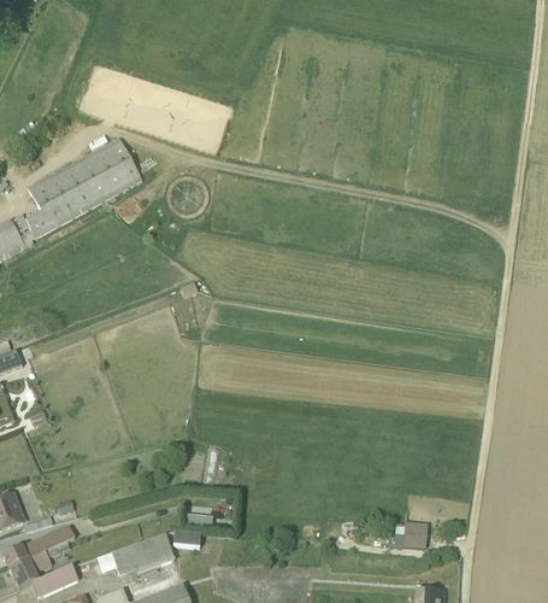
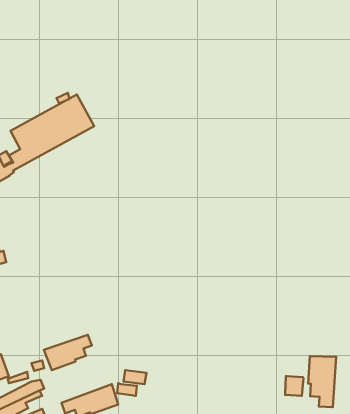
building: none -> [44,335,92,370]
building: none -> [308,356,336,407]

